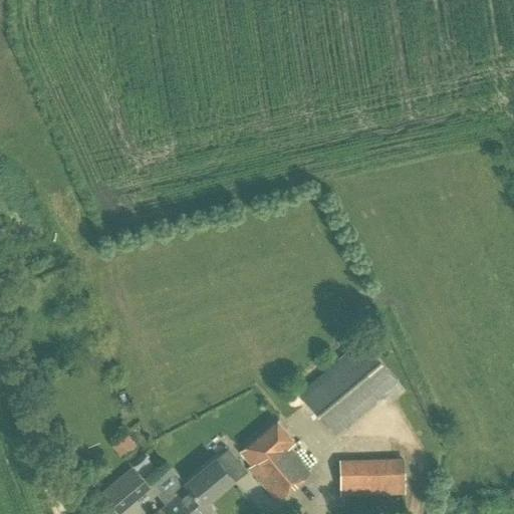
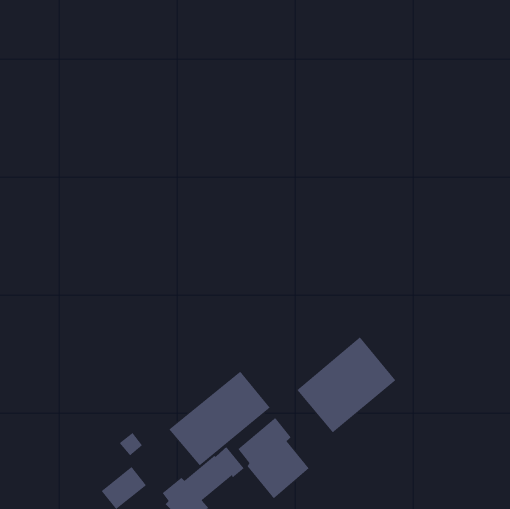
building: none -> [168,371,270,466]
building: [338,459,404,498] -> none

